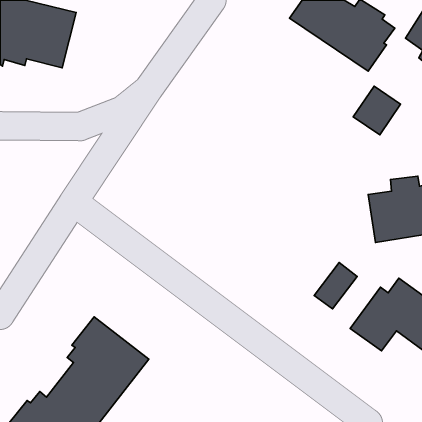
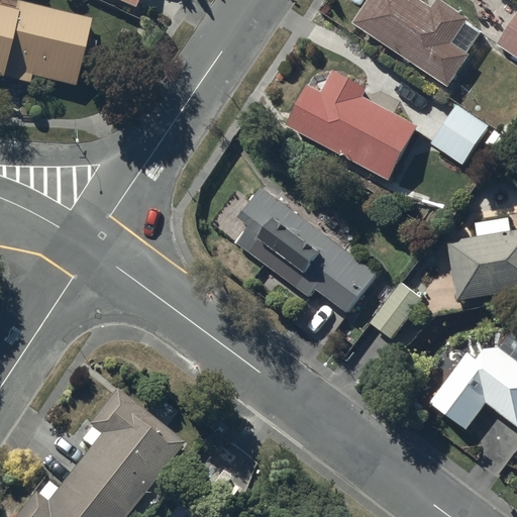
building: none -> [288,75,420,185]
building: none -> [233,187,375,311]
building: [314,262,357,309] -> [373,280,425,336]

